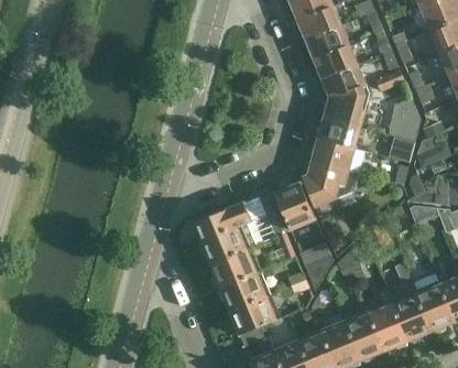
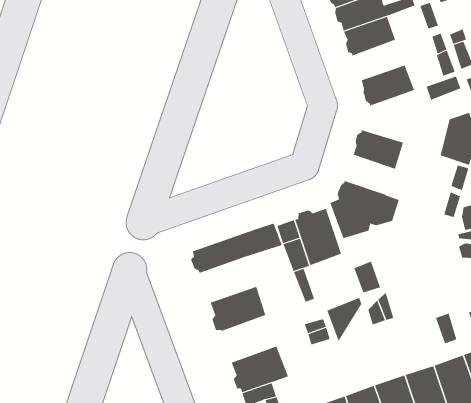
building: [313,43,357,77] -> none
building: [323,83,366,126] -> none
building: [312,138,353,169] -> none
building: [198,225,247,263] -> none
building: [218,271,265,311] -> none

